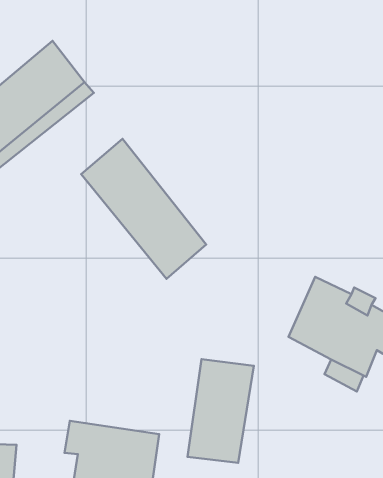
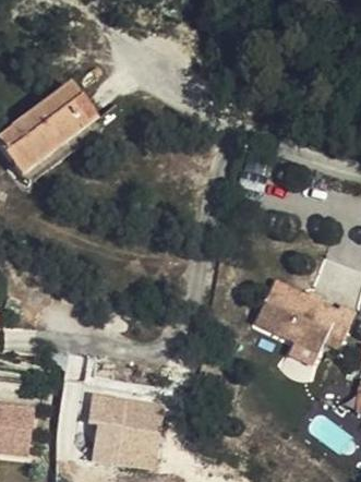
building: [81,139,206,279] -> none
building: [187,359,254,463] -> none

